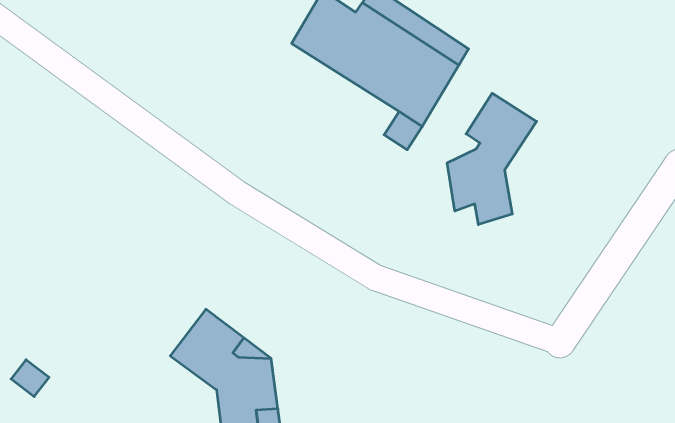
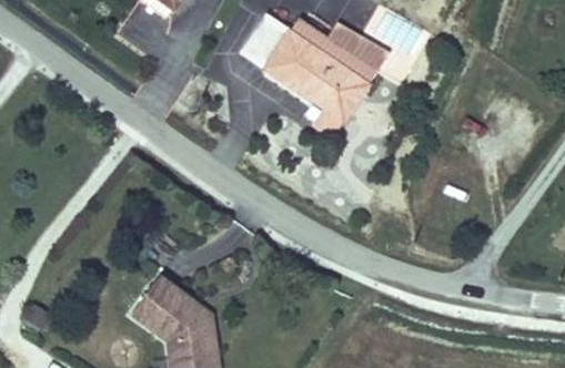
building: [447,93,537,225] -> none

